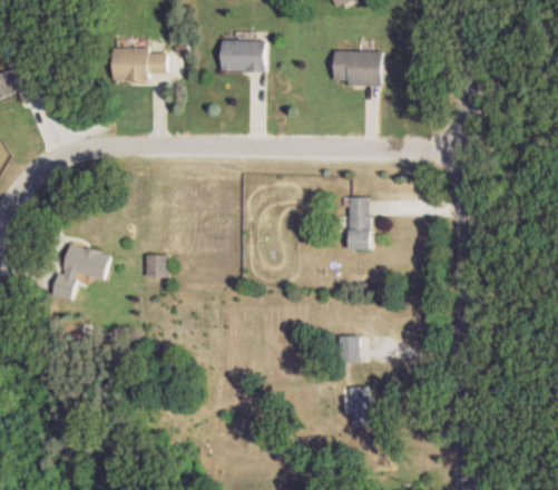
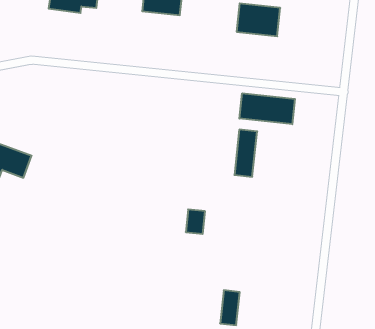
building: none -> [239,93,295,124]
building: [144,255,167,277] -> none
building: [339,335,359,362] -> [186,209,205,234]

